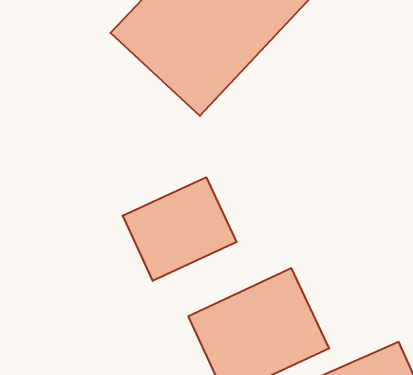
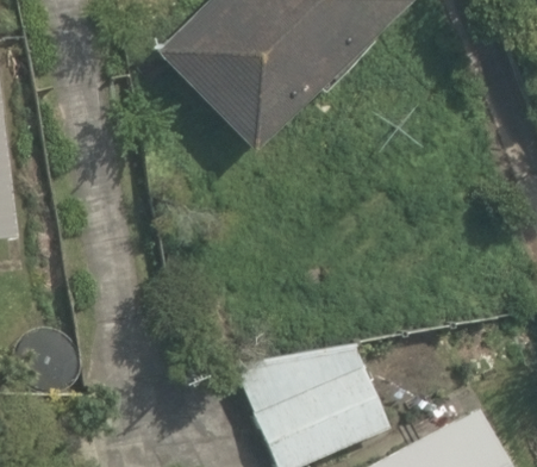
building: [123,177,237,281] -> none

